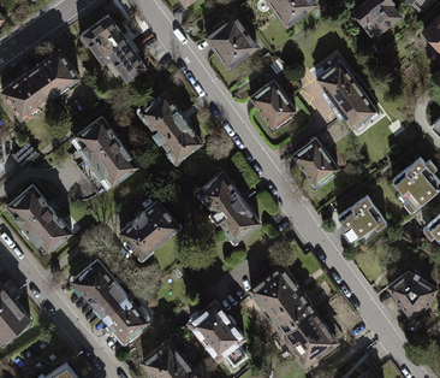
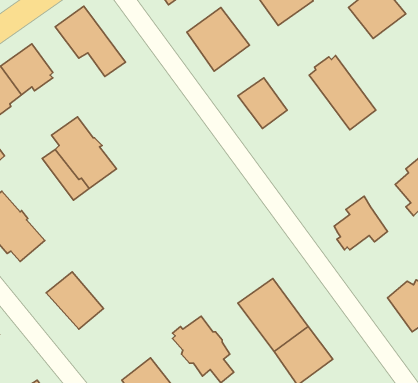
building: [139,93,201,160] -> none
building: [291,138,337,185] -> none
building: [197,172,258,240] -> none
building: [119,200,177,256] -> none
building: [102,294,147,339] -> none

